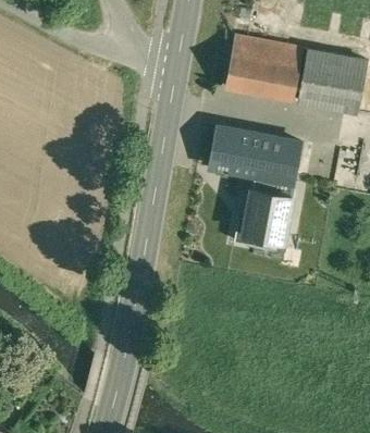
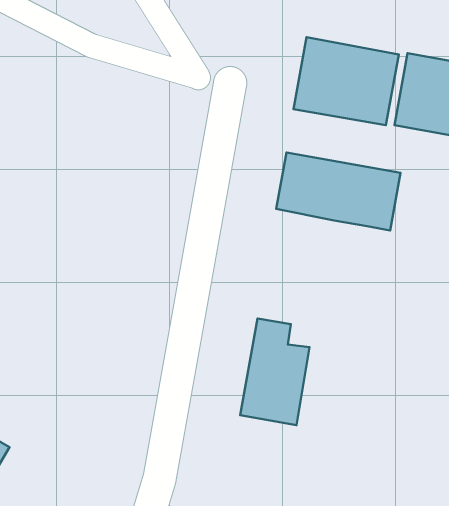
building: [239,175,292,256] -> [240,318,310,425]

